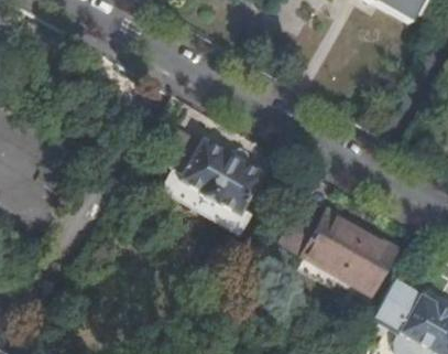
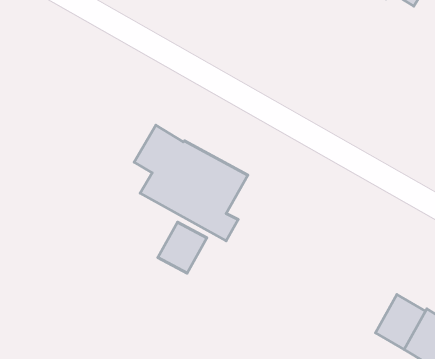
building: [280,210,394,294] -> none
building: none -> [158,222,207,273]

